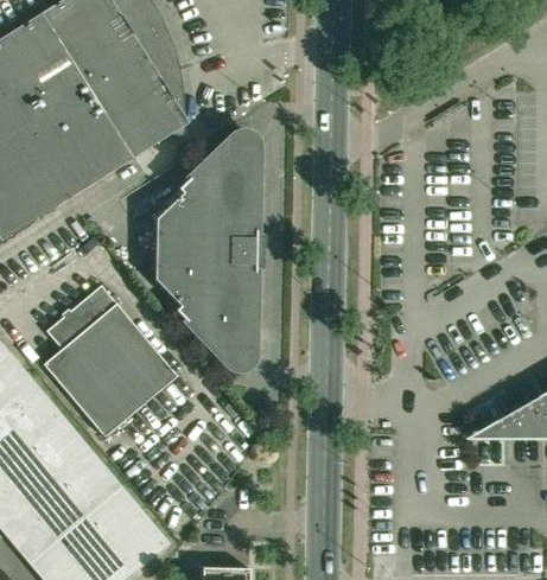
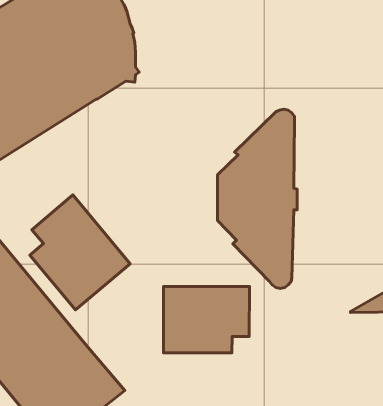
building: [154,133,260,370] -> [218,109,297,289]
building: none -> [163,286,250,353]

